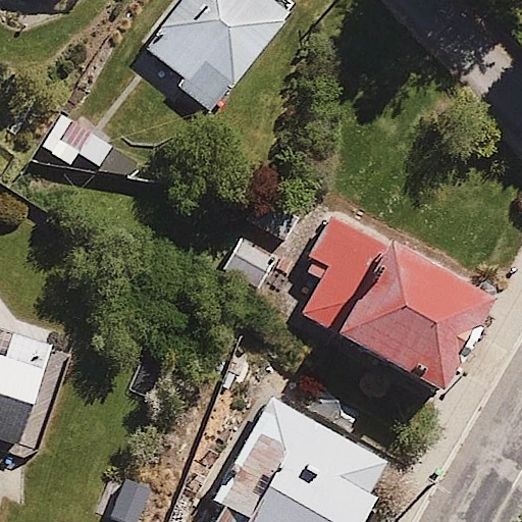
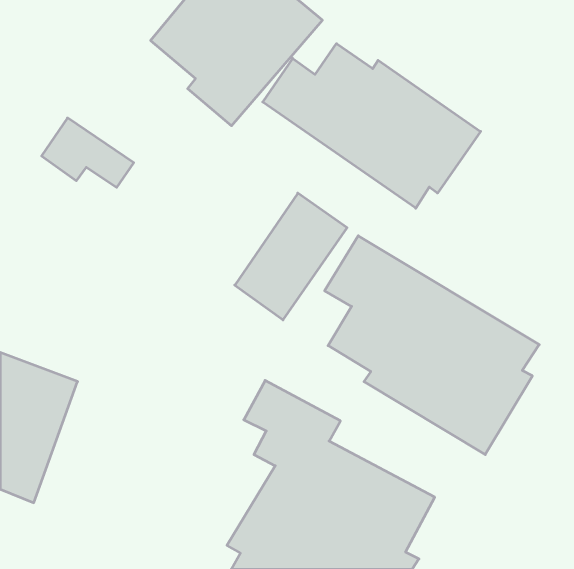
building: none -> [263,44,481,208]

